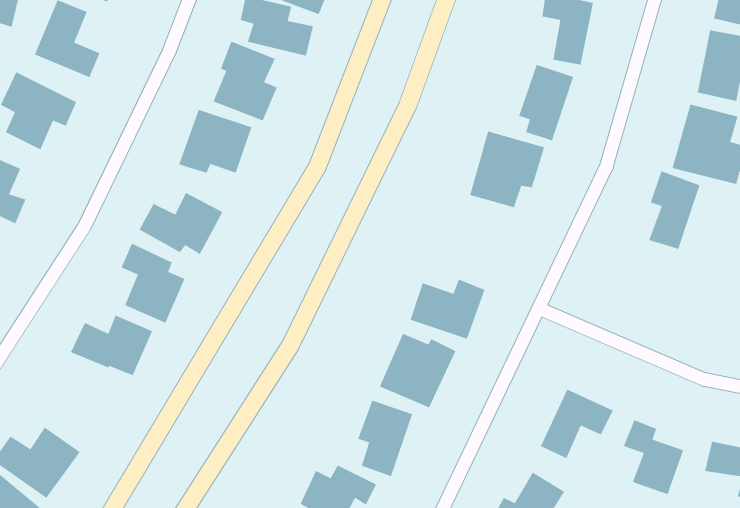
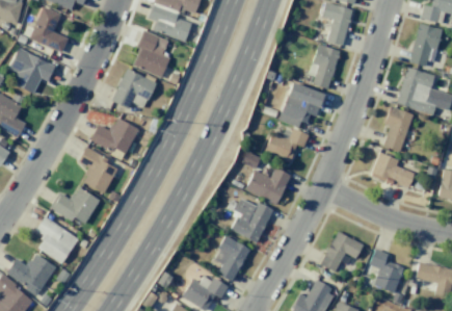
building: none -> [265,128,309,162]
building: none -> [371,152,415,189]
building: none -> [36,216,79,263]

